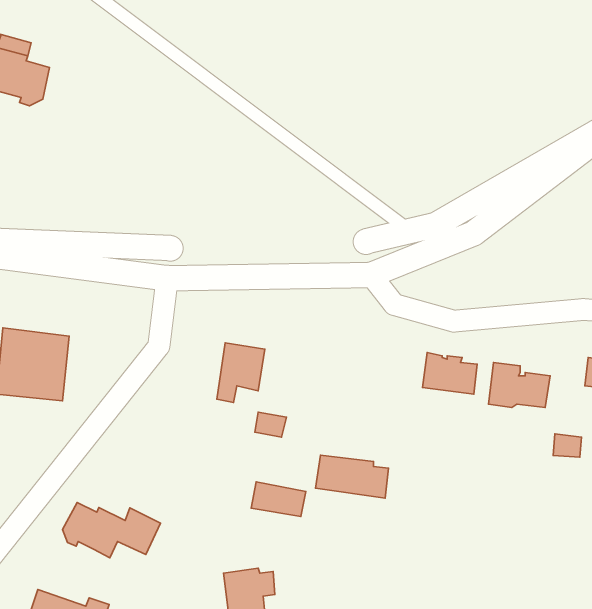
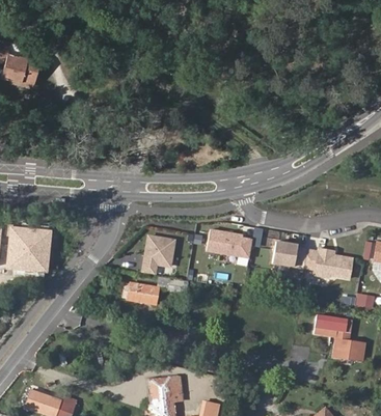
building: [316,455,388,498] -> [207,231,252,258]
building: none -> [312,316,364,363]
building: [251,482,306,517] -> [125,284,159,306]
building: [63,503,160,558] -> none

